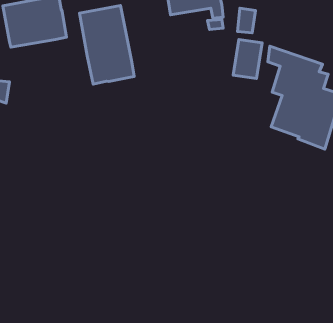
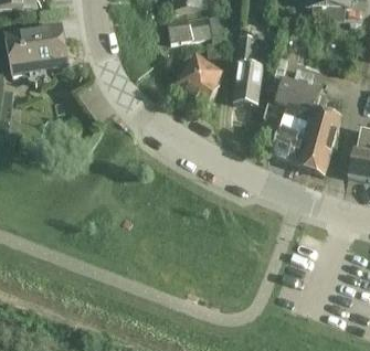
building: [79,5,134,84] -> none
building: none -> [177,57,221,104]

